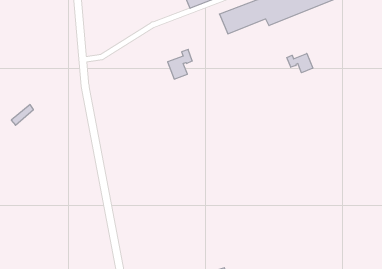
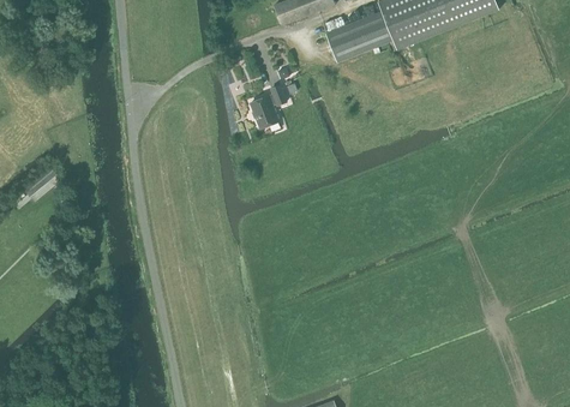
building: [287,53,313,73] -> none

